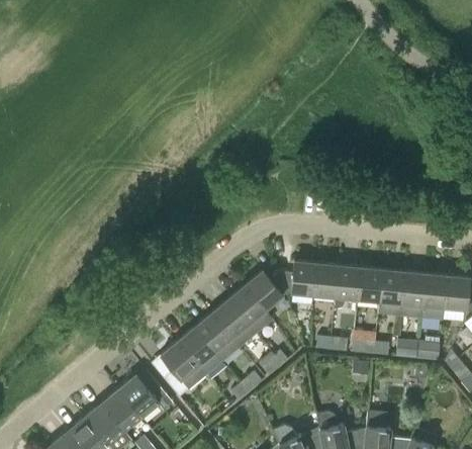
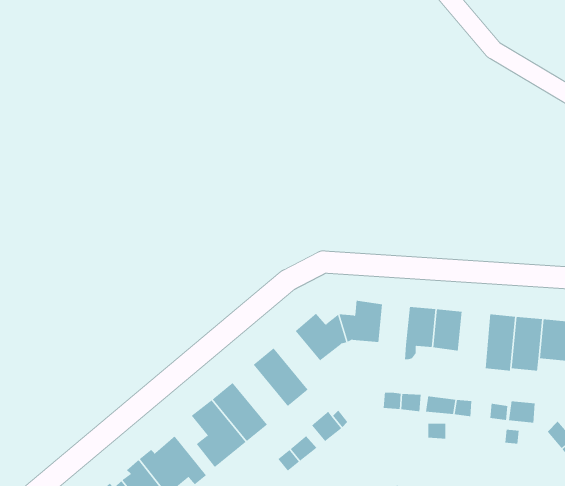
building: [313,263,338,296] -> none
building: [377,269,403,316] -> none
building: [227,285,273,333] -> none
building: [194,312,239,361] -> none

